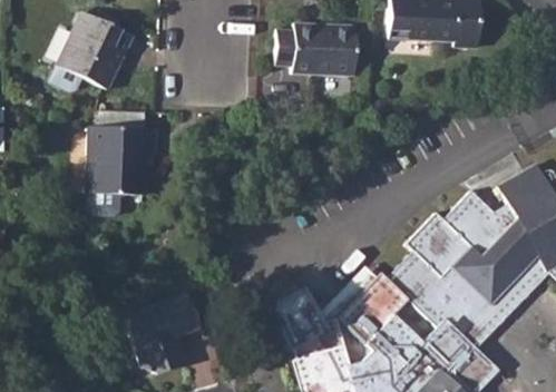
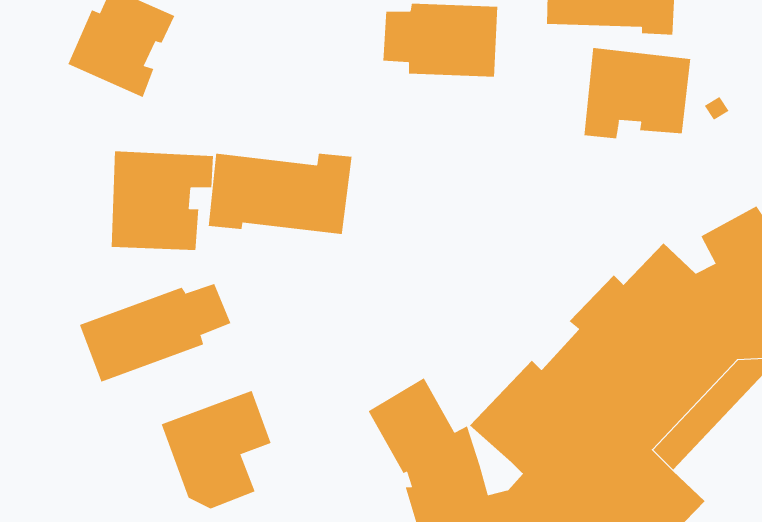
building: none -> [584,47,691,139]
building: none -> [208,153,352,235]
building: none -> [79,283,231,383]

